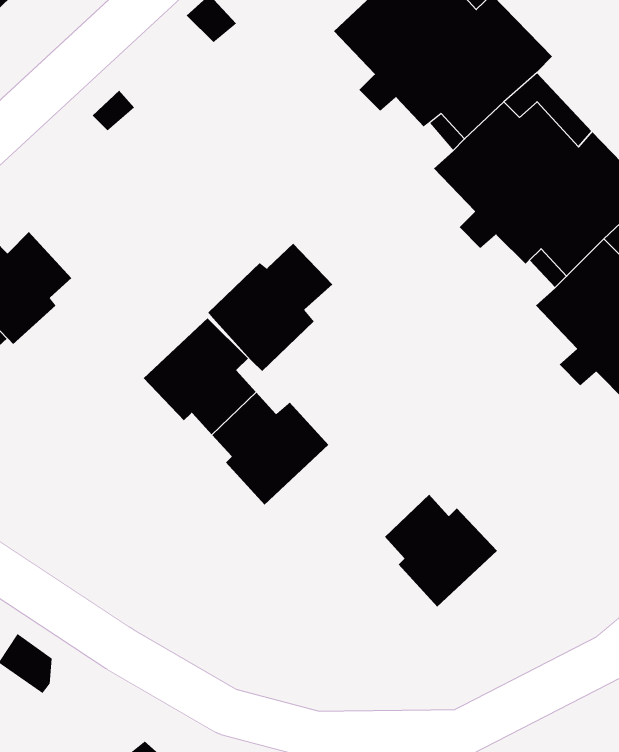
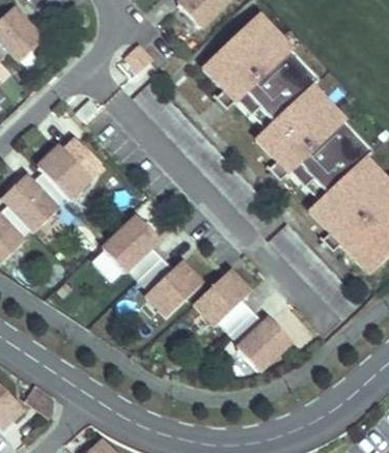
building: none -> [38,137,99,197]
building: [208,243,333,372] -> none
building: none -> [194,267,254,331]

